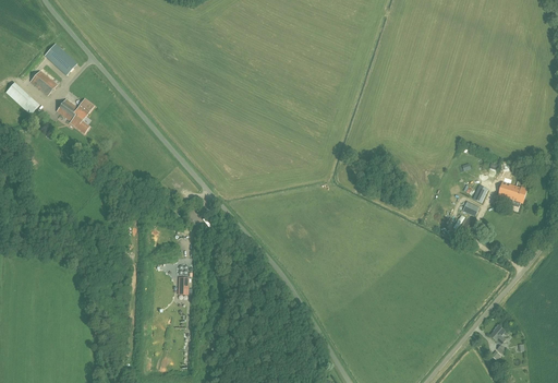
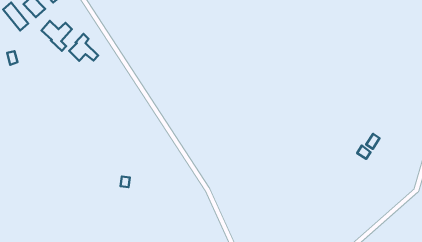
building: none -> [69,34,98,61]
building: [498,180,526,206] -> none

